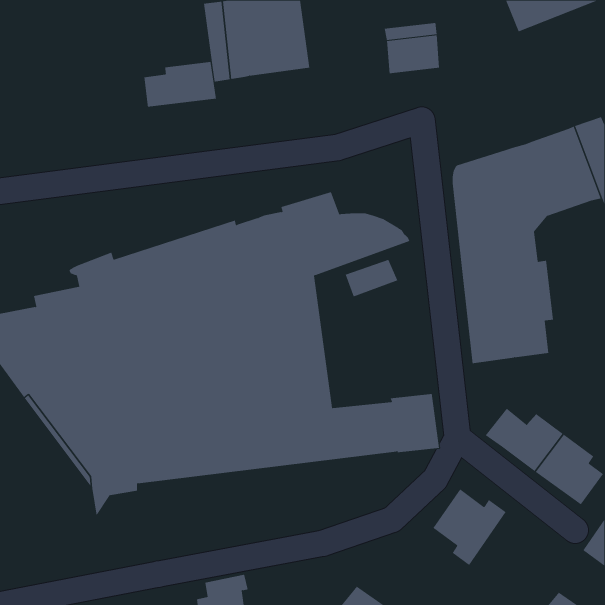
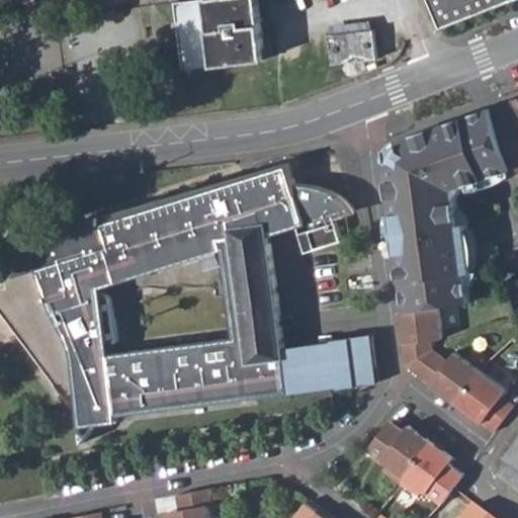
building: [144,61,216,107] -> none
building: none -> [396,307,443,372]
building: none -> [400,438,465,506]

